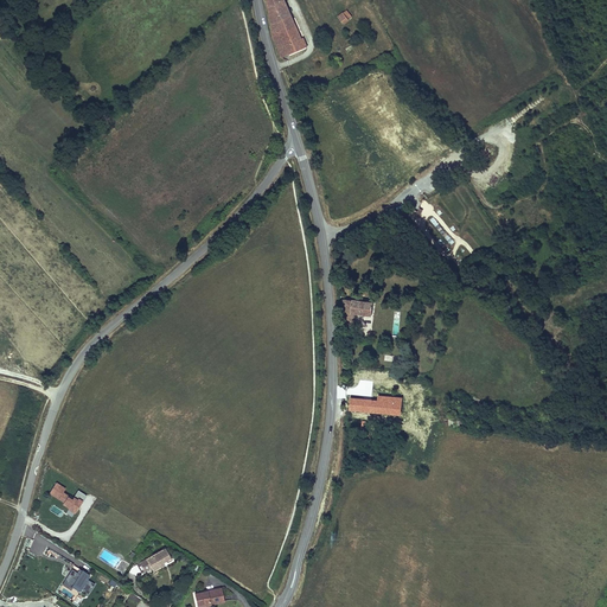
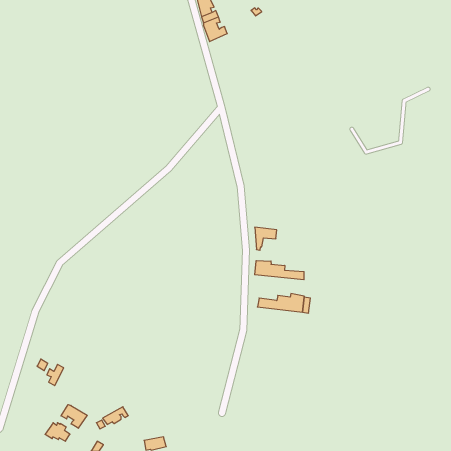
building: none -> [255,261,304,280]
building: none -> [61,405,87,428]

